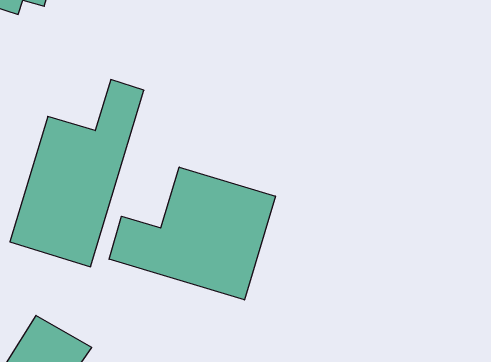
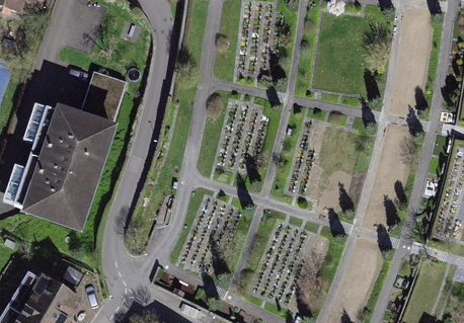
building: [109,167,275,300] -> none

